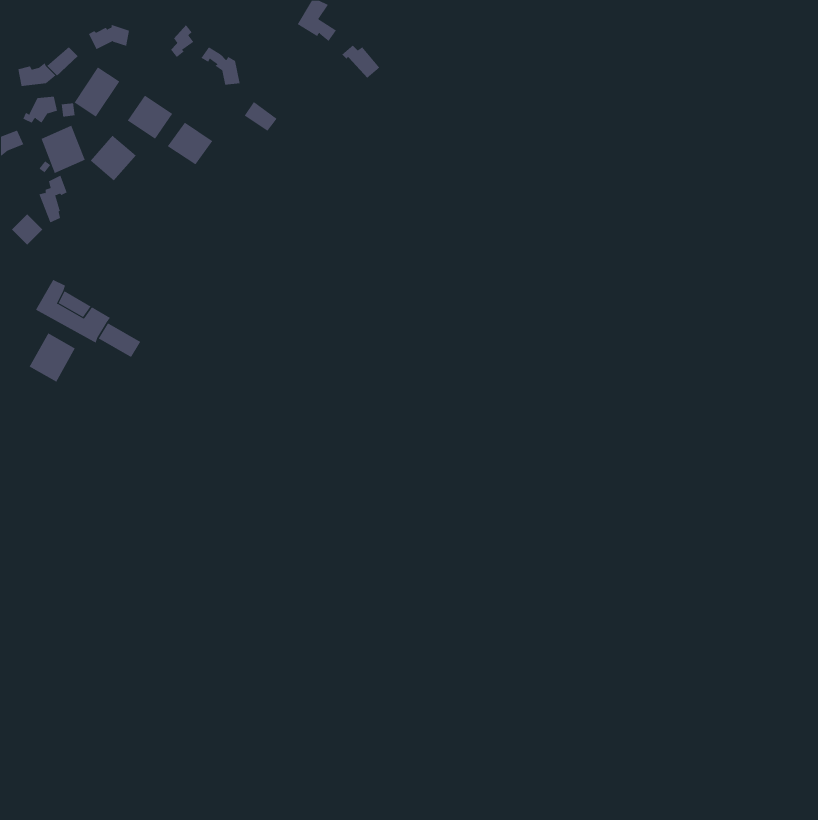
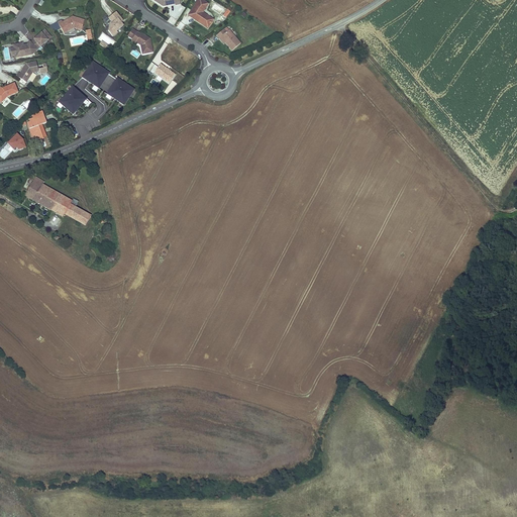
building: [74,66,120,118] -> none
building: [41,125,85,174] -> none
building: [29,333,76,382] -> none

